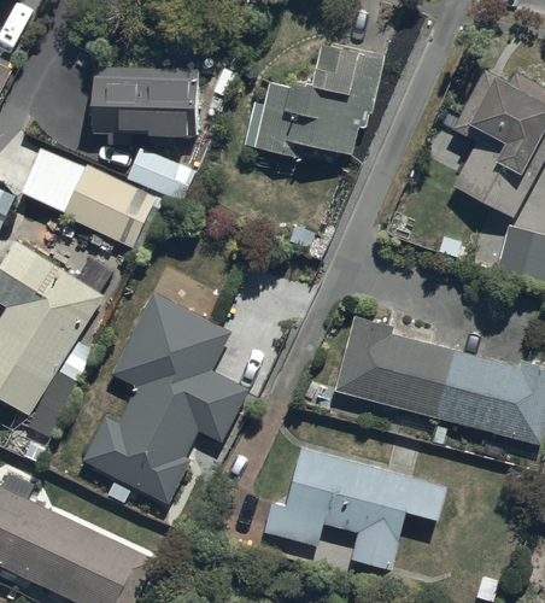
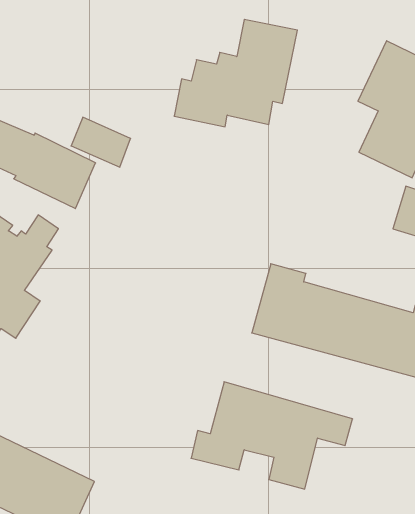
building: [90,68,198,145] -> none
building: [83,293,248,505] -> none

